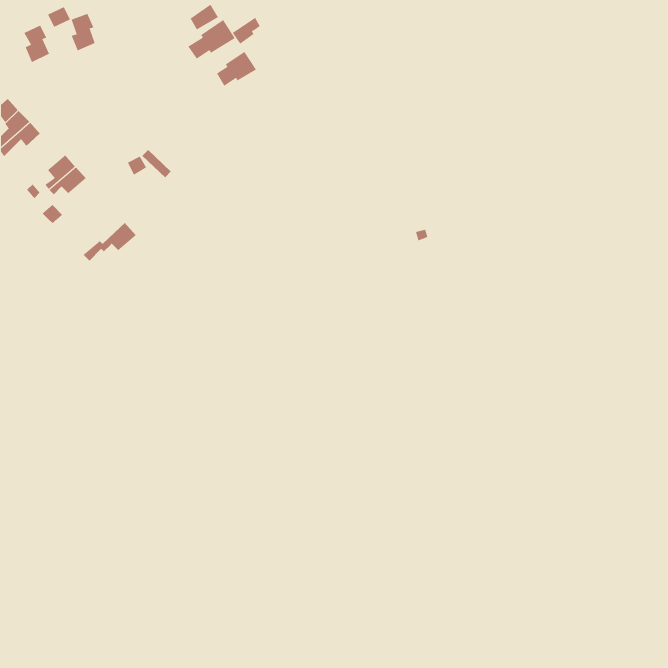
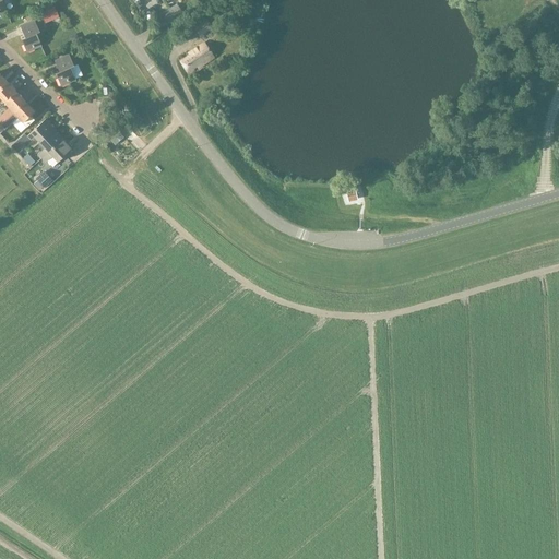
building: [71,13,96,51] -> [56,55,76,86]
building: [188,19,235,59] -> none
building: [83,222,137,261] -> [11,118,56,151]

